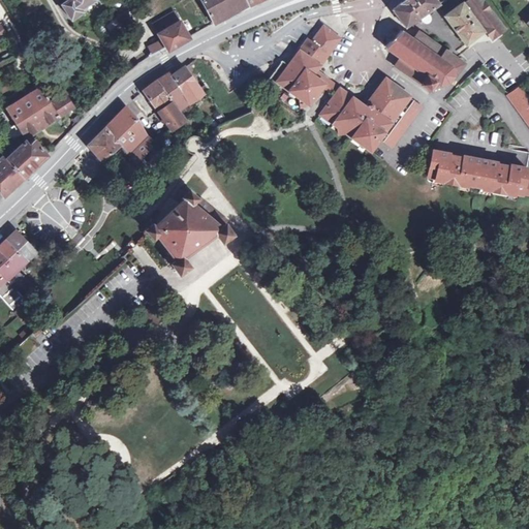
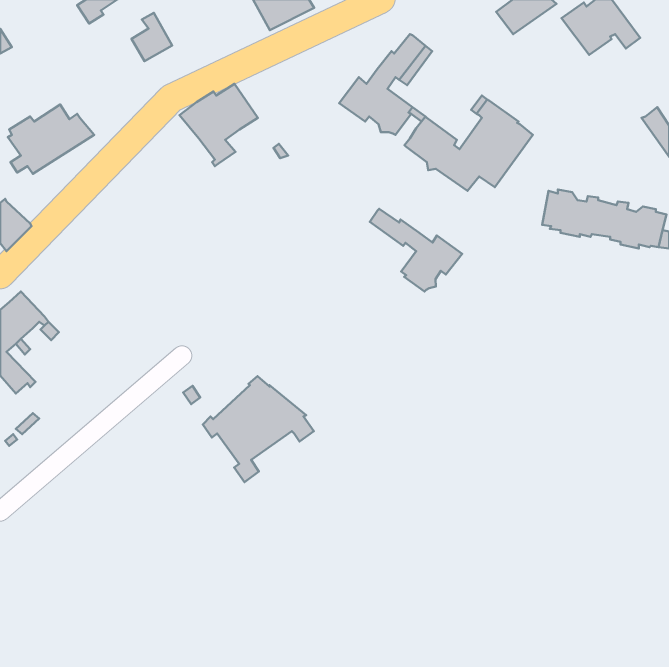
building: [158,12,190,51] -> [131,13,172,61]
building: [388,28,464,92] -> none
building: [90,105,153,163] -> none
building: [5,137,46,177] -> none
building: none -> [370,209,462,292]
building: [146,190,234,274] -> [203,376,314,482]

